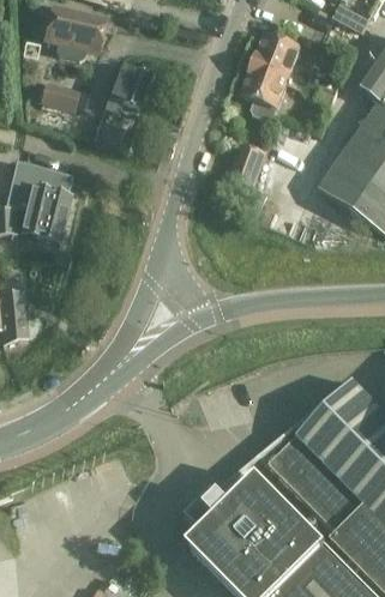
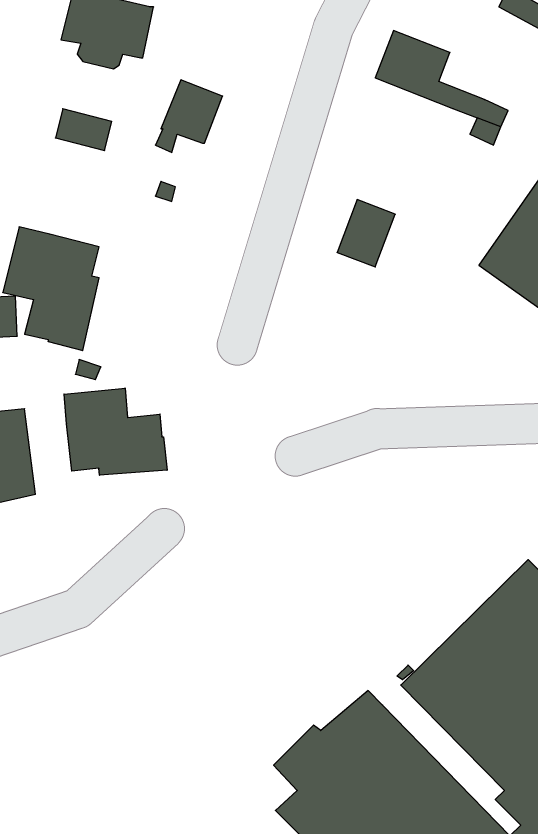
building: [241,61,303,117] -> none
building: none -> [64,388,167,475]

